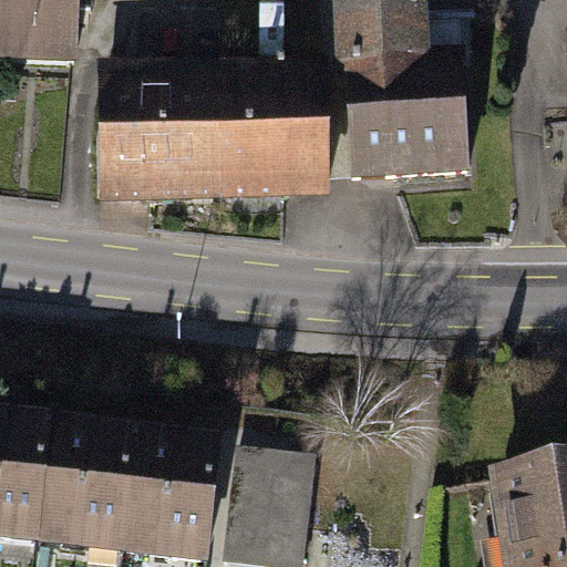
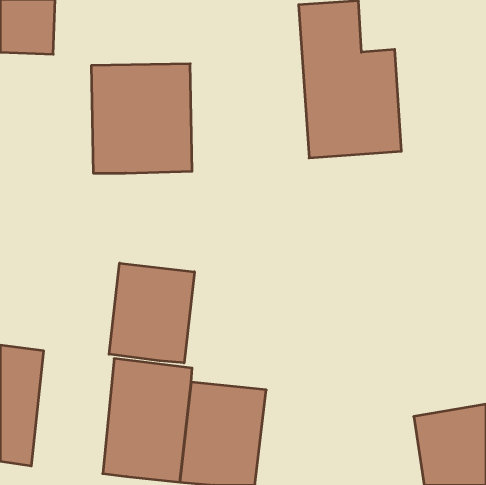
building: [221,72,323,199] -> none
building: none -> [109,263,194,363]
building: [37,409,133,551] -> none

